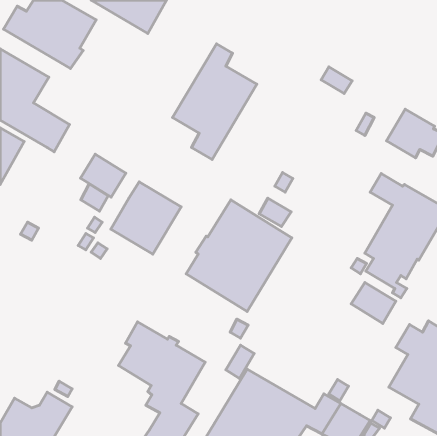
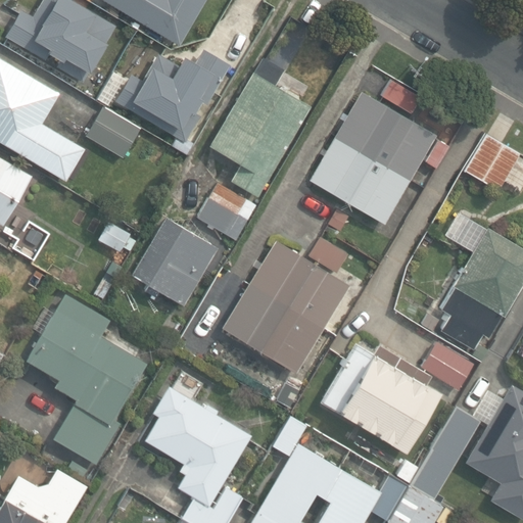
building: none -> [112,47,228,148]
building: none -> [312,93,436,225]
building: none -> [196,182,253,237]
building: [80,154,126,197] -> [87,107,141,158]
building: none -> [26,294,146,466]
building: none -> [323,343,442,453]
building: none -> [408,402,479,496]

